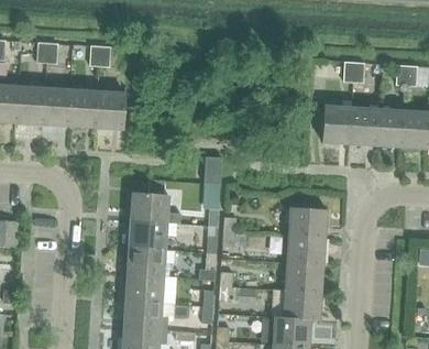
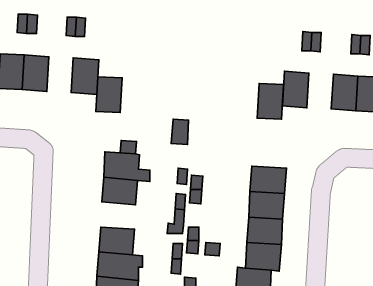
building: [69,89,98,128] -> [96,77,122,112]
building: [350,107,378,145] -> [257,84,284,119]
building: [128,246,170,276] -> none

